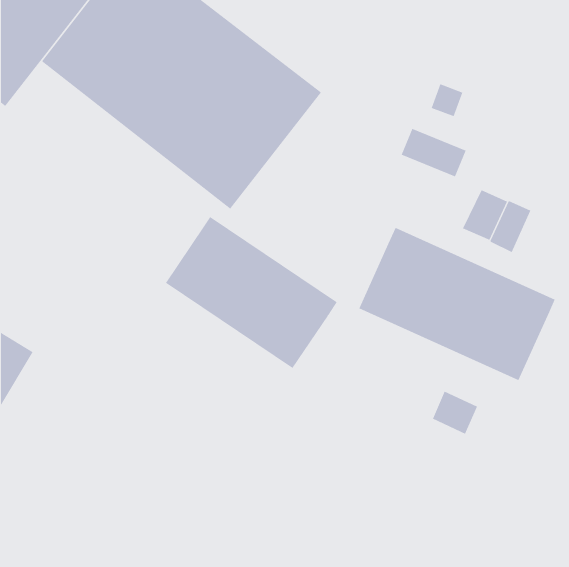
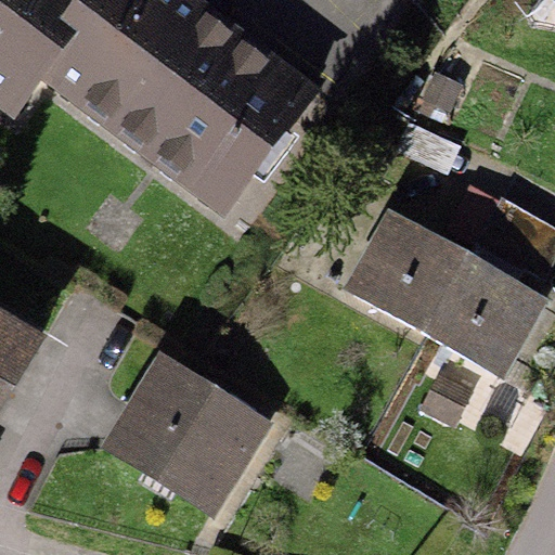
building: [165,216,338,369] -> none
building: none -> [108,367,262,515]

